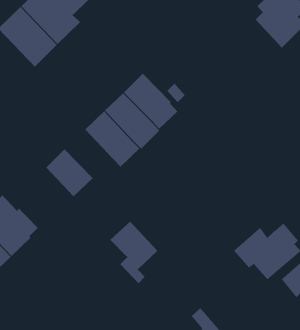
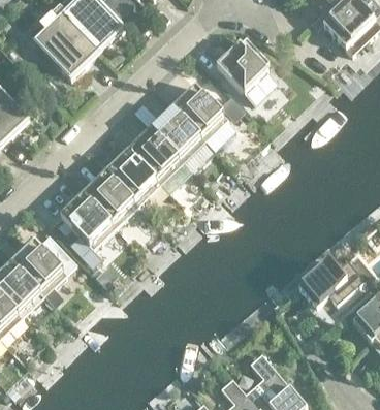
building: none -> [216,36,276,103]
building: none -> [104,150,159,206]
building: [110,221,158,284] -> [59,193,115,265]

